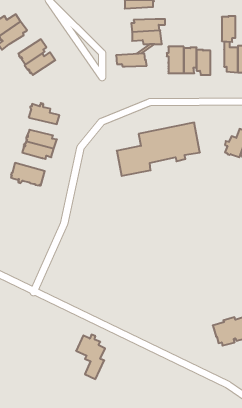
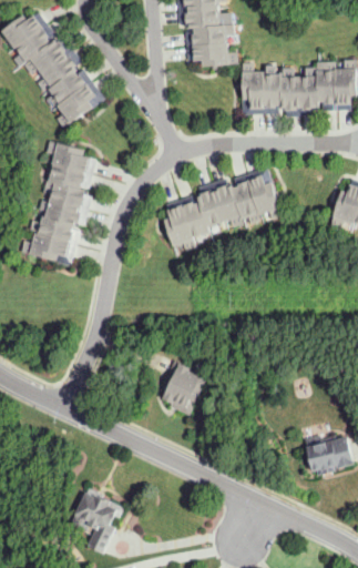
building: [222,16,235,42] -> [303,71,321,106]
building: none -> [27,47,70,77]
building: [116,54,147,67] -> [185,12,227,30]
building: none -> [57,84,101,122]
building: none -> [48,164,92,187]
building: none -> [38,212,79,237]
building: none -> [162,362,207,417]
building: [76,335,105,379] -> [78,494,117,555]

